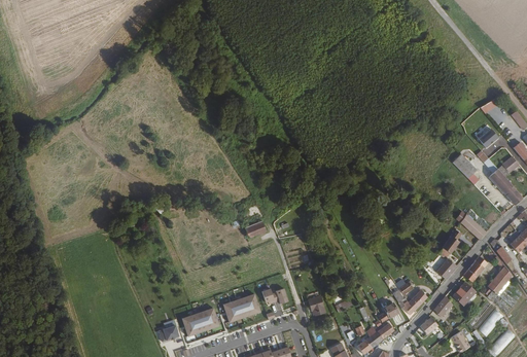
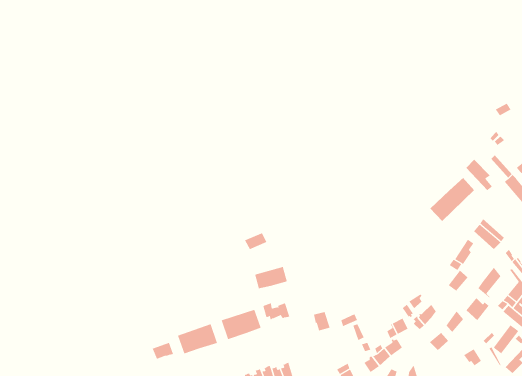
building: none -> [429,177,475,222]
building: none -> [255,266,288,289]

